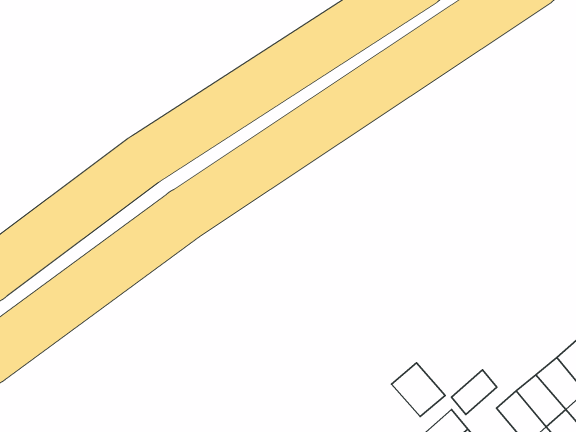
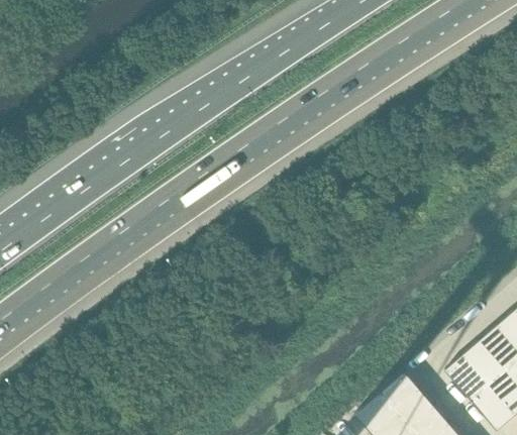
building: [392,363,445,417] -> none
building: [451,370,497,414] -> none

